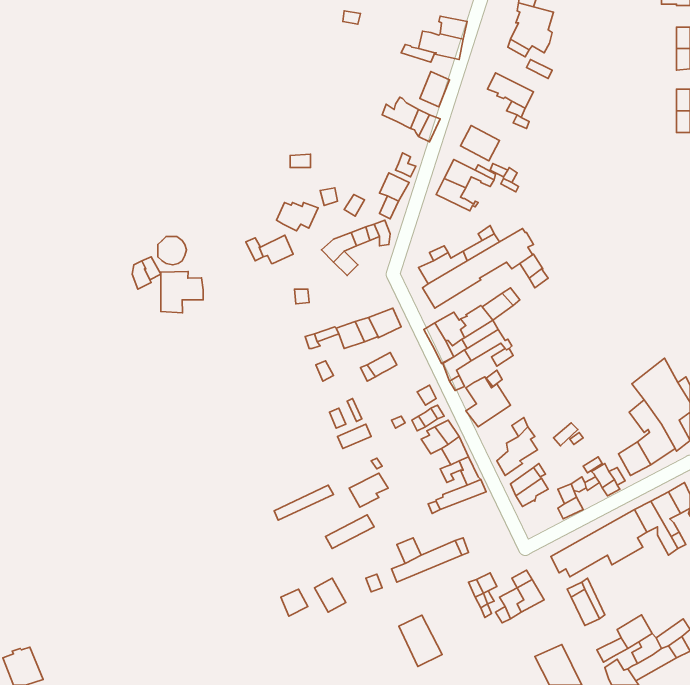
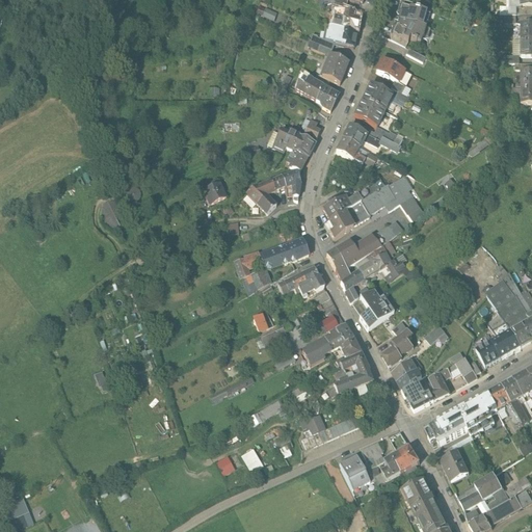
building: none -> [363,81,393,108]
building: [276,203,318,231] -> [267,129,299,151]
building: [161,271,203,313] -> none
building: none -> [298,265,324,293]
building: [349,473,388,507] -> [301,338,331,364]
building: none -> [402,385,433,409]
building: [399,615,442,667] -> [338,457,371,497]
building: none -> [402,476,432,505]

